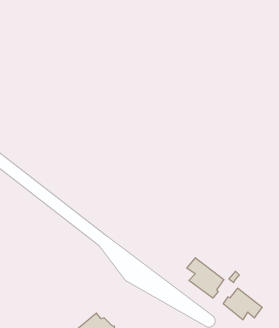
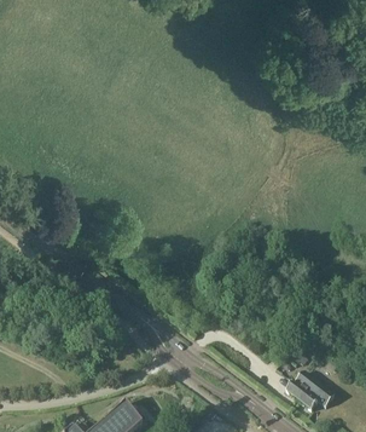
building: [187,258,224,298] -> none

